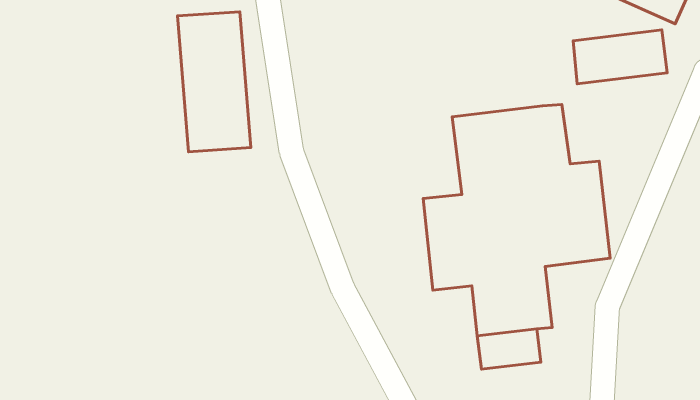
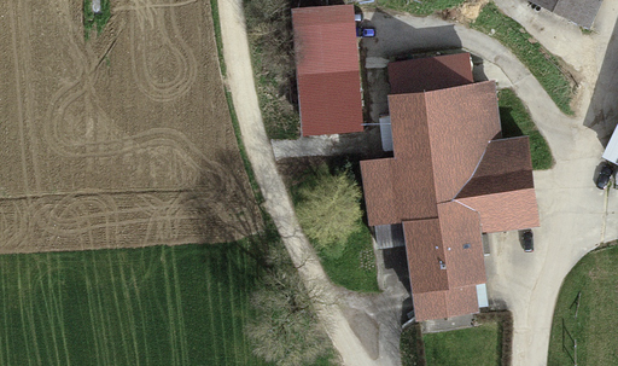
building: [177,12,251,152] -> [295,7,358,129]
building: [573,30,667,84] -> [391,56,473,103]

